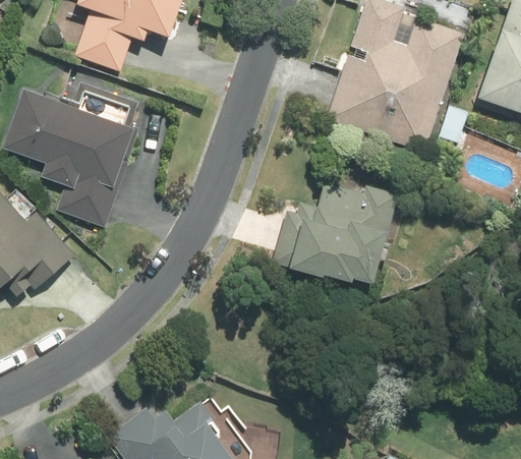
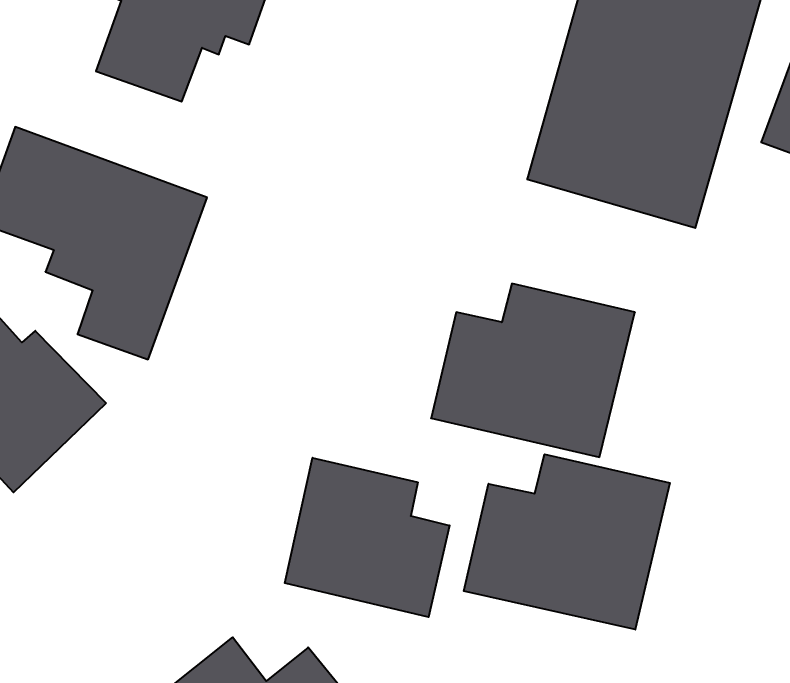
building: none -> [464,454,670,630]
building: none -> [285,458,450,617]

